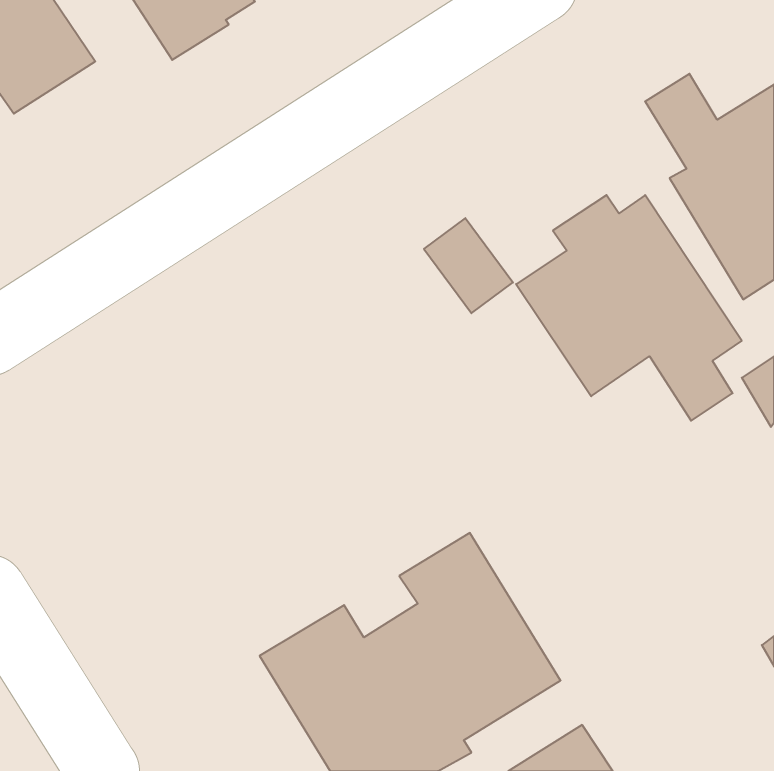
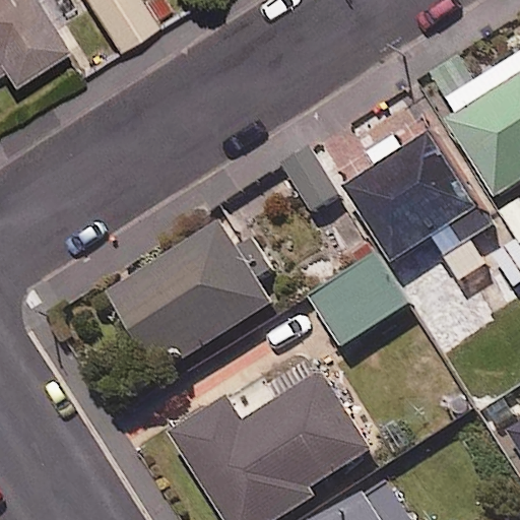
building: none -> [106,221,271,376]
building: none -> [313,253,406,342]

